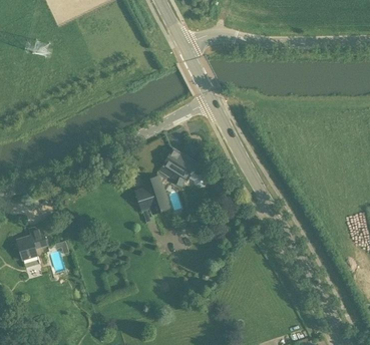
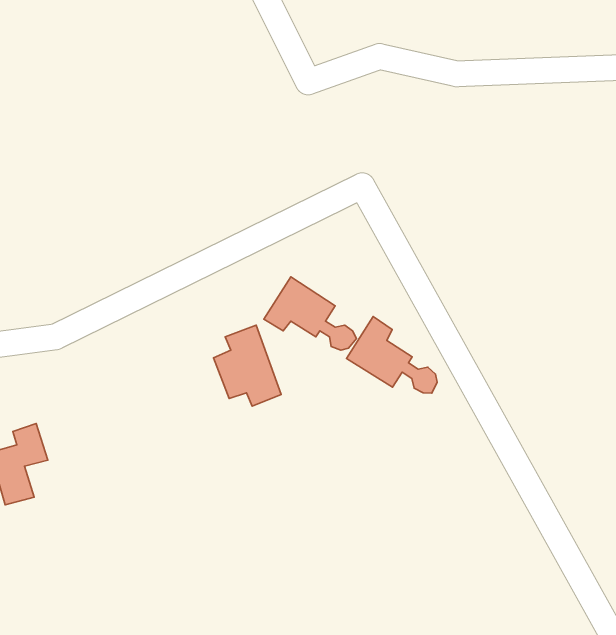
building: none -> [346,316,437,393]

